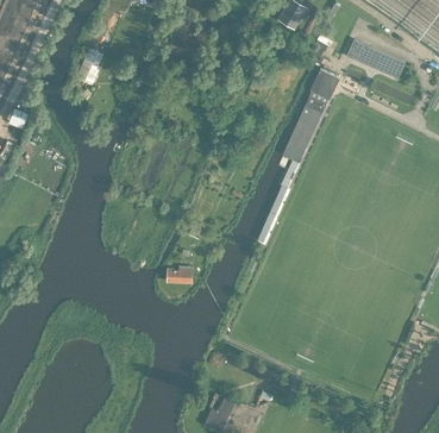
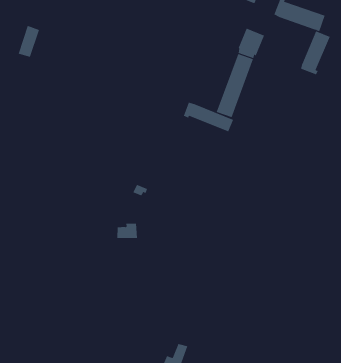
building: none -> [300,30,330,75]
building: none -> [183,102,234,132]

